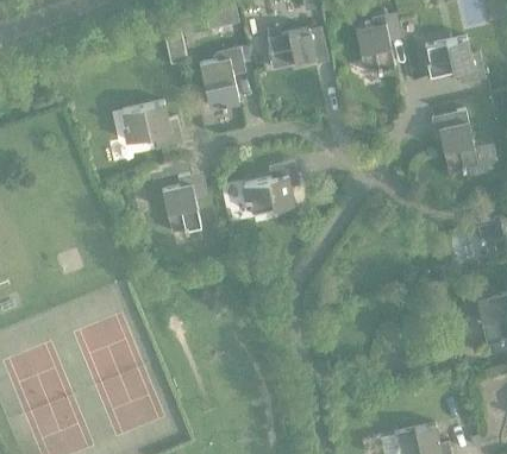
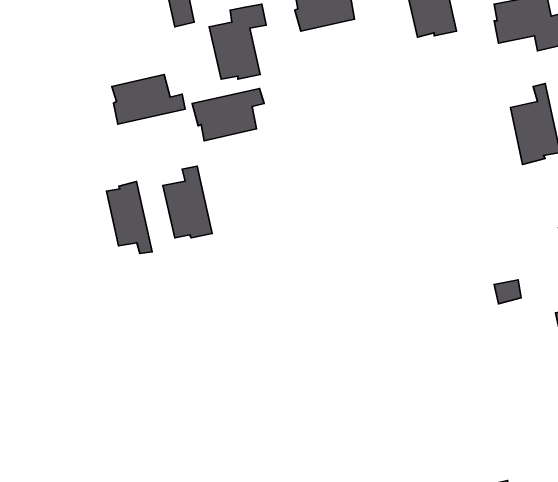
building: [243,171,300,213] -> [192,88,264,141]
building: none -> [106,182,152,254]

